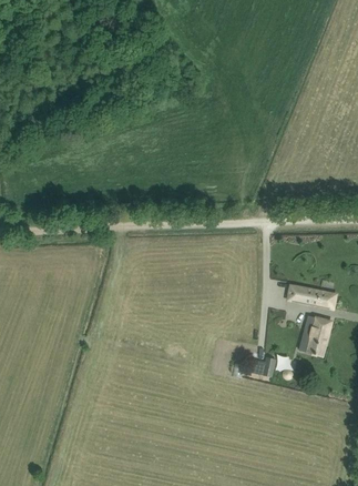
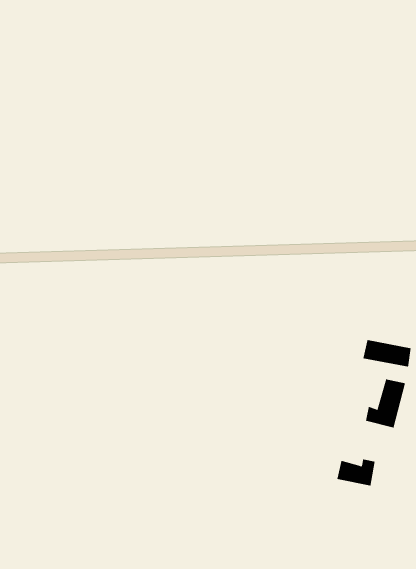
building: [246,356,276,377] -> [336,459,376,486]

